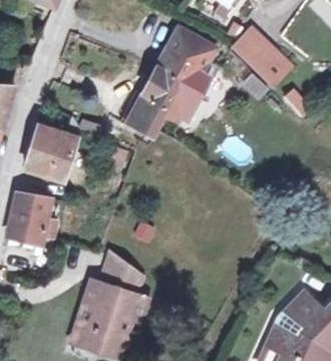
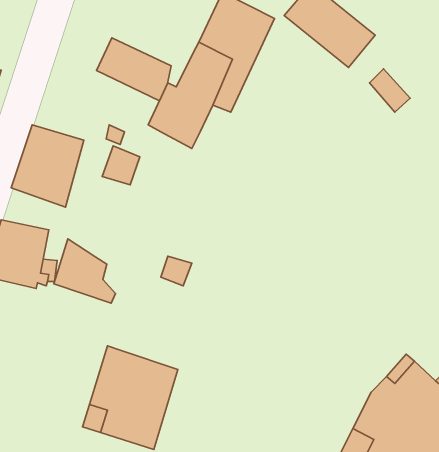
building: none -> [97,38,171,101]
building: [101,254,145,300] -> [54,239,115,303]

